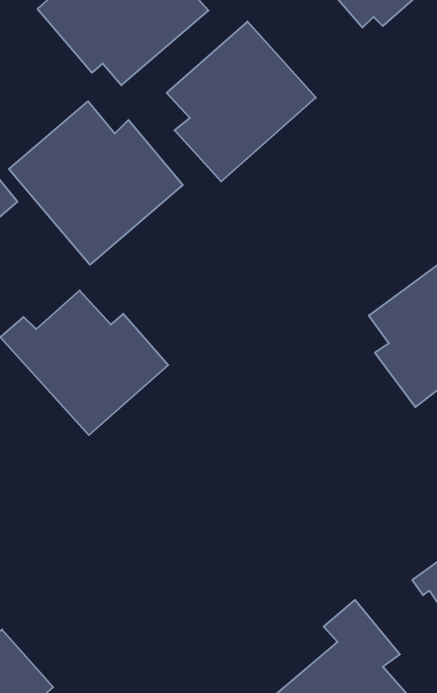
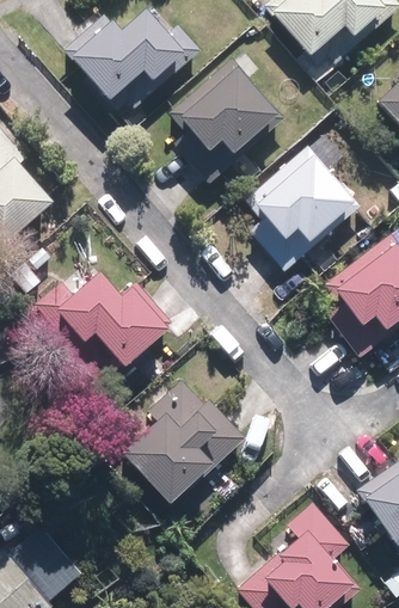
building: [9,101,183,265] -> none
building: none -> [247,147,356,271]
building: none -> [117,381,245,499]

